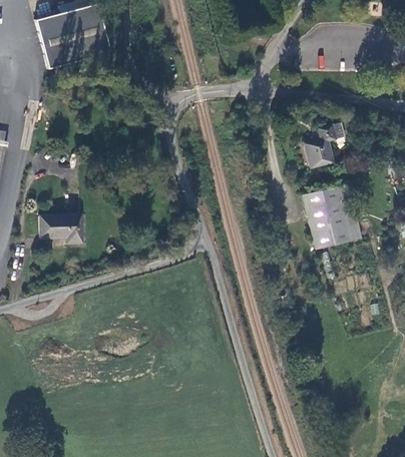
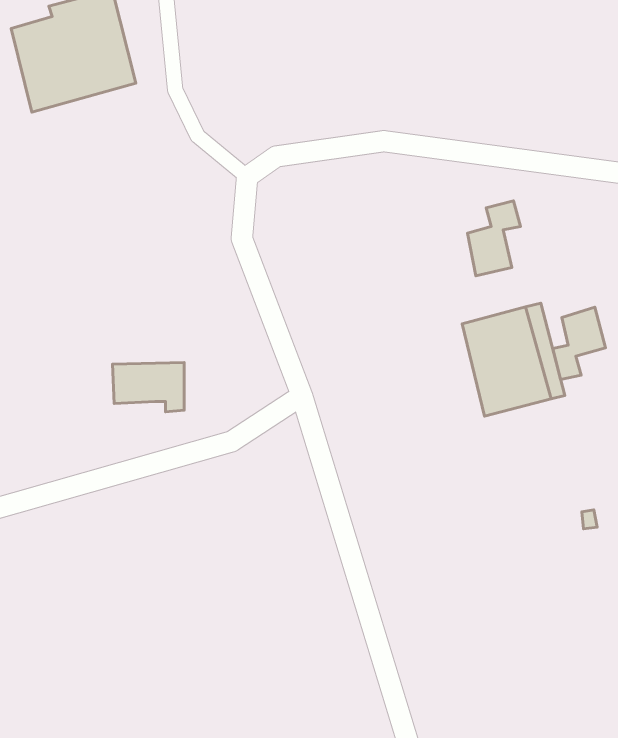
building: none -> [553,307,605,380]
building: [40,213,82,243] -> [112,362,184,412]

